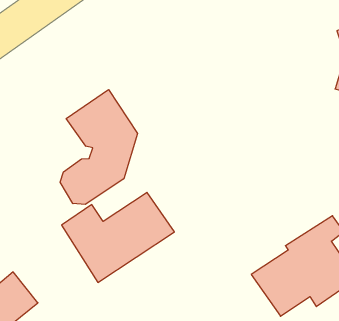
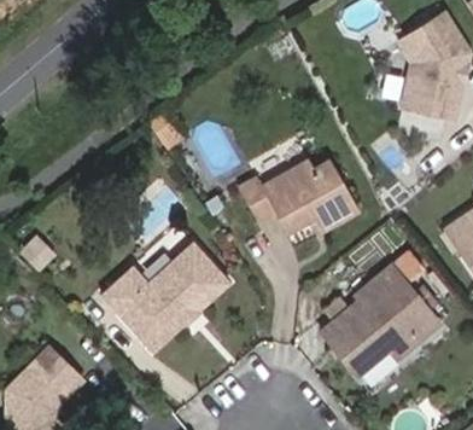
building: [60,90,138,204] -> none
building: none -> [237,156,358,232]

